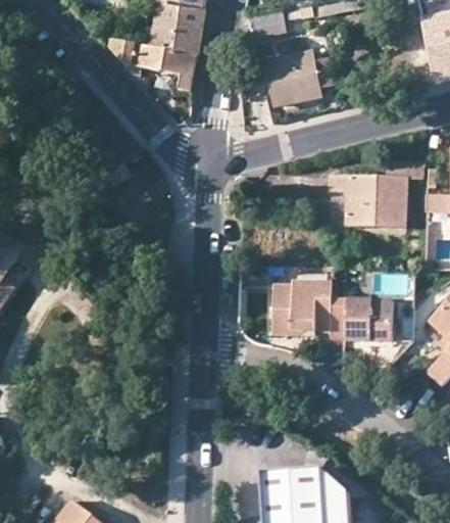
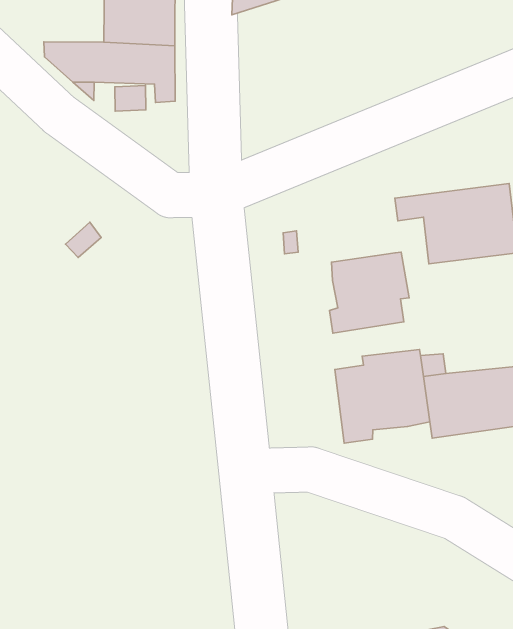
building: [265,53,336,106] -> none
building: none -> [329,252,409,333]

